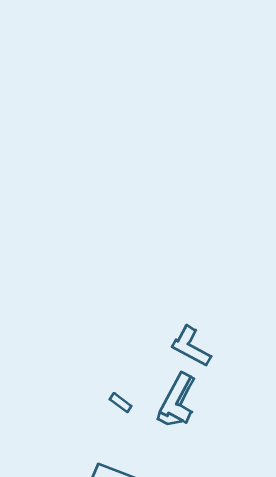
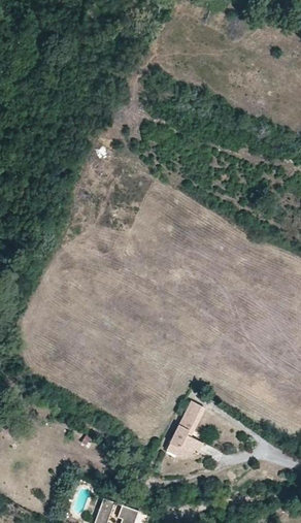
building: [172,325,211,365] -> none

